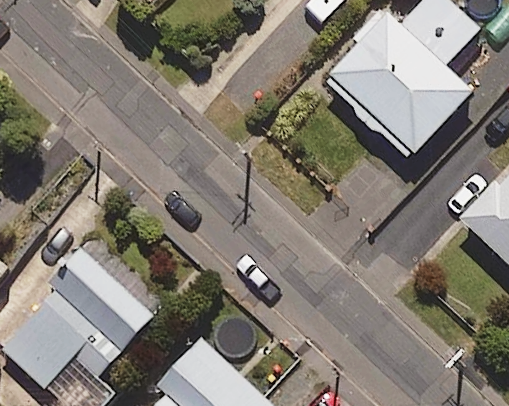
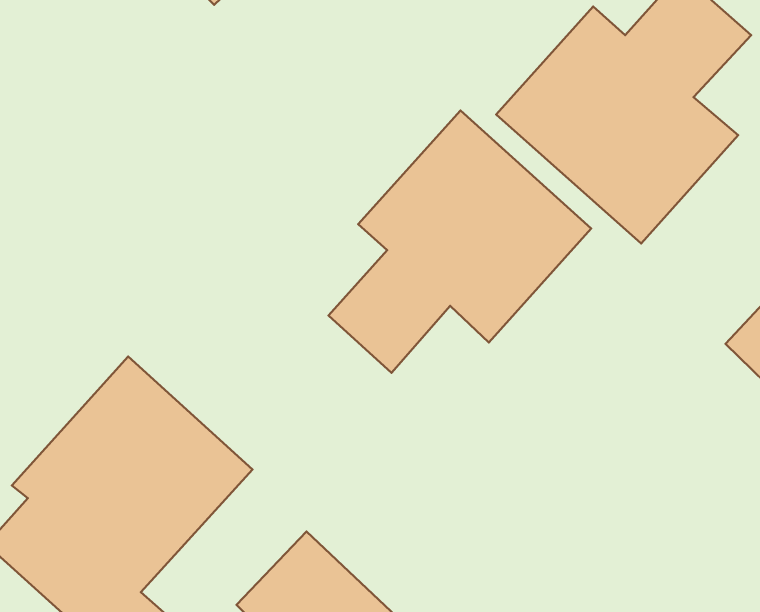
building: none -> [329,110,591,373]

